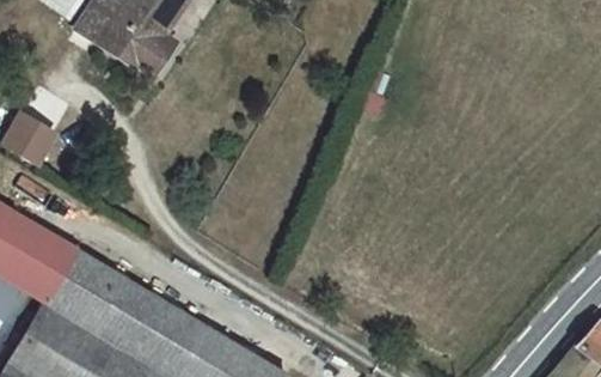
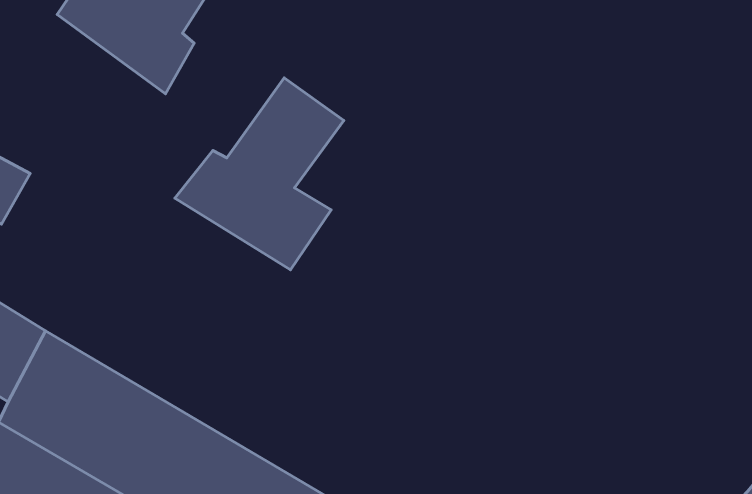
building: none -> [175,78,344,270]

